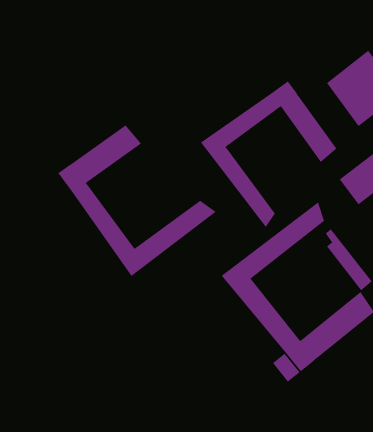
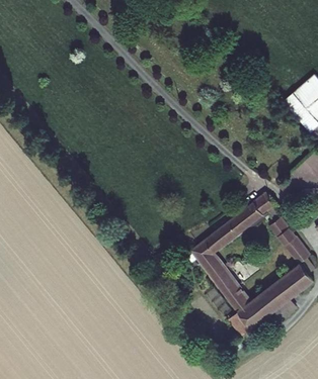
building: [200,80,337,228] -> none
building: [57,124,217,277] -> none

